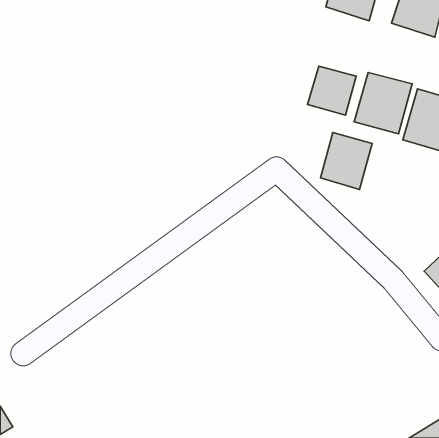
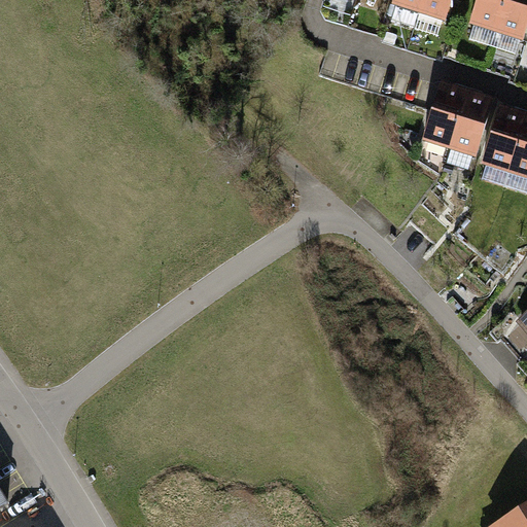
building: [307,66,356,115] -> none
building: [321,132,372,189] -> none

